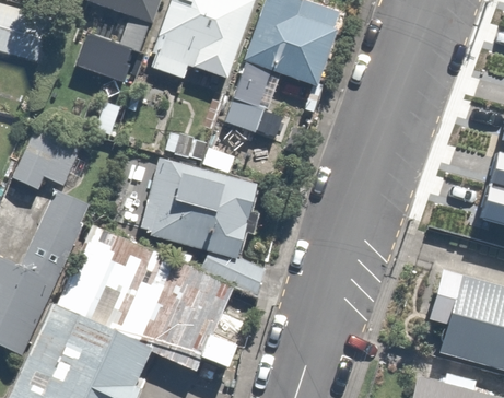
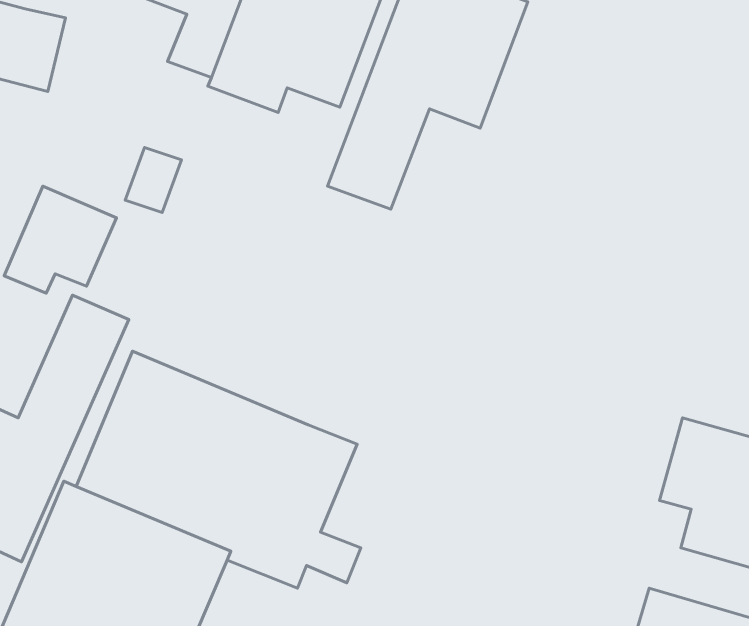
building: [65,32,128,86] -> none
building: [142,161,270,296] -> none

